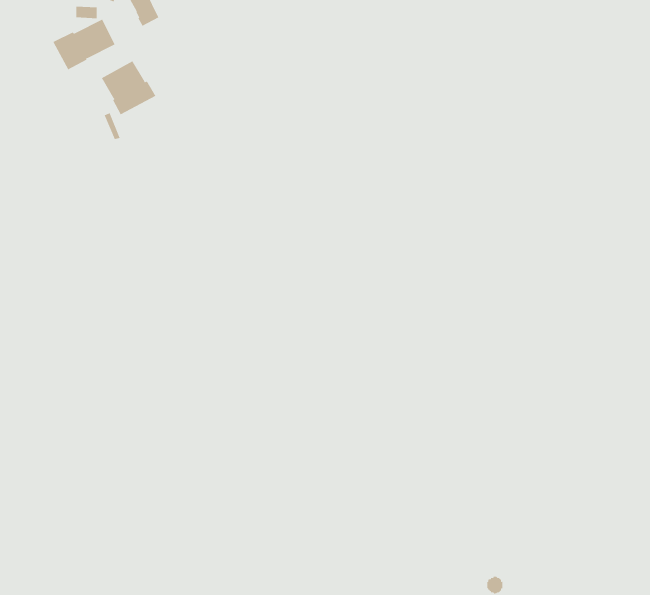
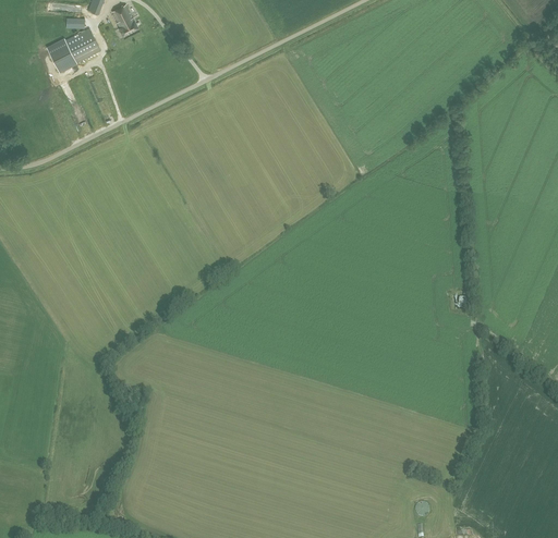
building: [101,60,156,115] -> none

